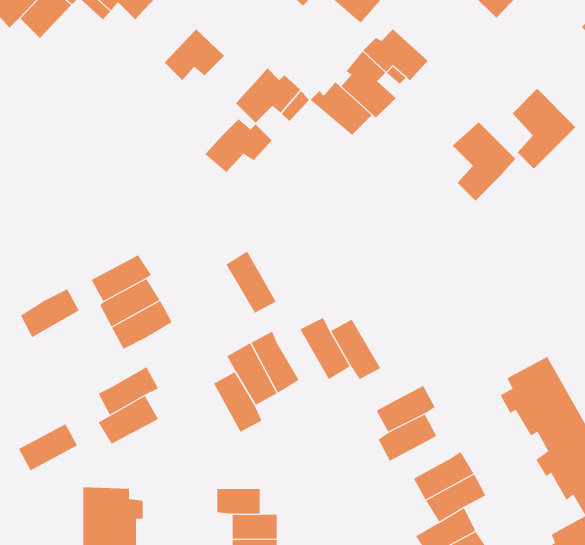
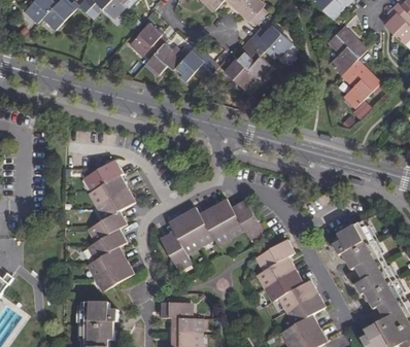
building: [205,119,272,173] -> [143,43,184,76]
building: [452,122,516,201] -> [327,27,366,75]
building: [226,251,276,314] -> [199,206,230,244]
building: [20,288,79,338] -> [91,211,127,241]
building: [18,424,78,471] -> [98,261,134,289]
building: none -> [267,271,304,300]

